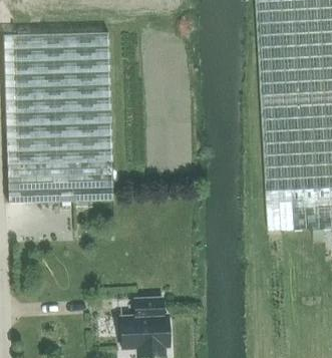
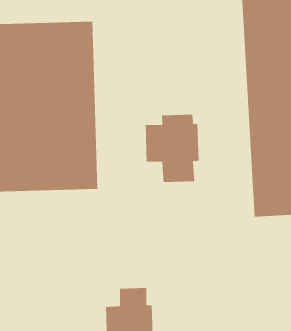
building: none -> [145,114,199,183]

